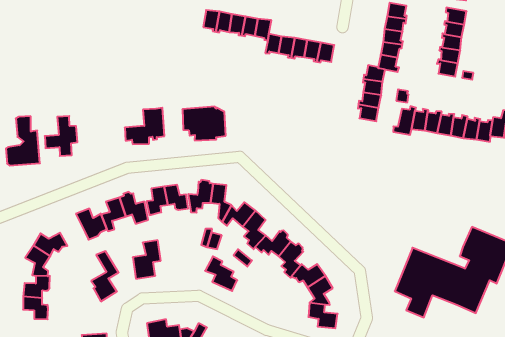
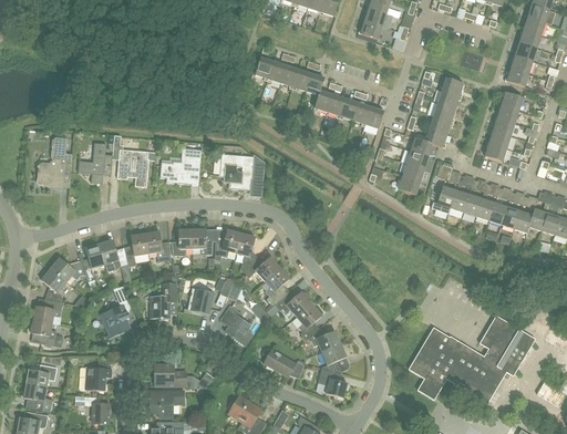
building: none -> [112,134,148,186]
building: none -> [80,242,105,280]
building: none -> [187,286,214,312]
building: none -> [262,348,305,378]

